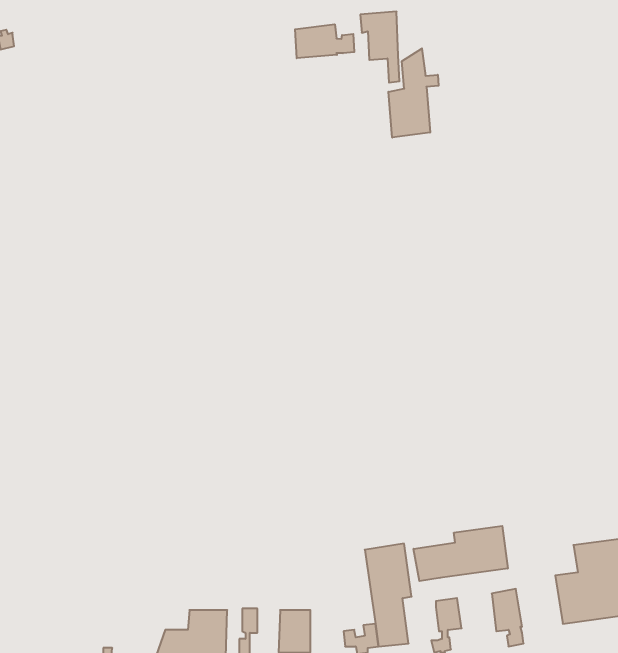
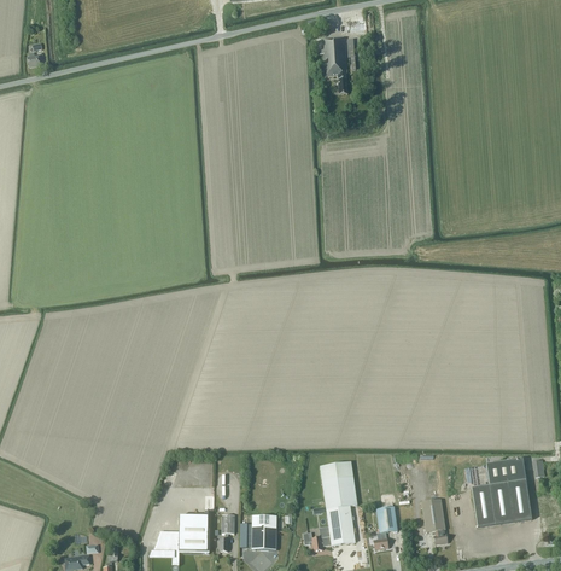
building: [295,24,354,58] -> none
building: [388,48,439,138] -> none
building: [414,526,508,581] -> none

